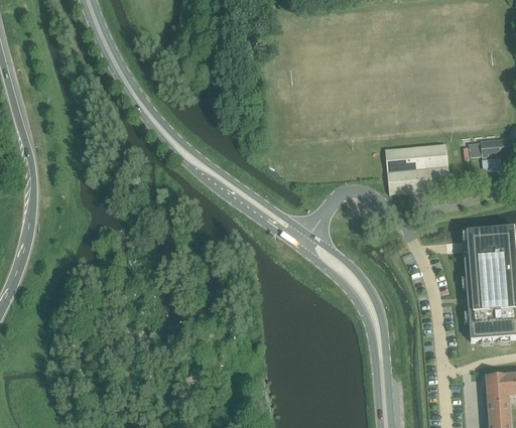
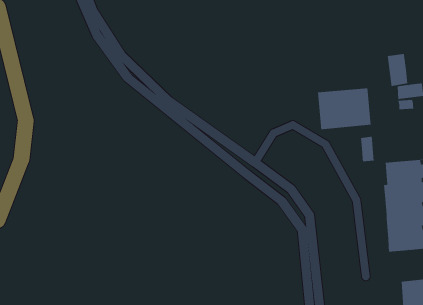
building: none -> [387,53,408,87]
building: none -> [361,136,374,162]

